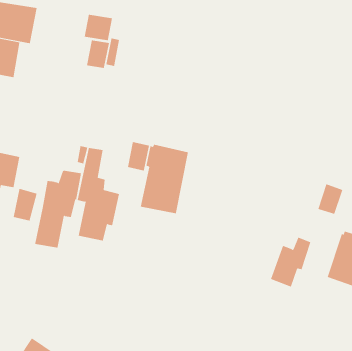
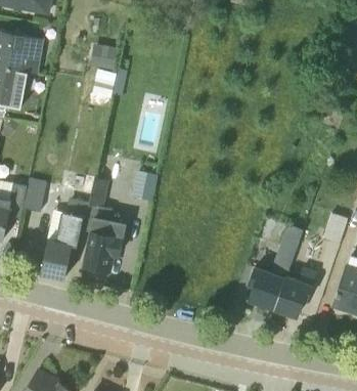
building: [140,144,188,214] -> none
building: [13,188,37,221] -> [23,179,47,212]
building: none -> [249,225,303,309]

